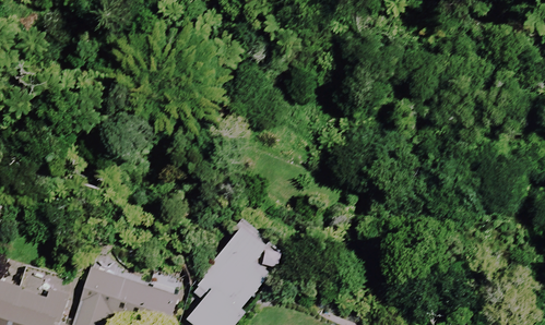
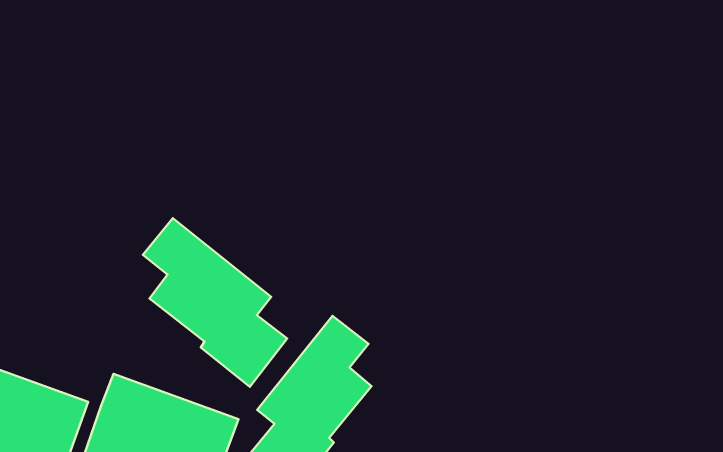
building: none -> [143,218,287,387]

